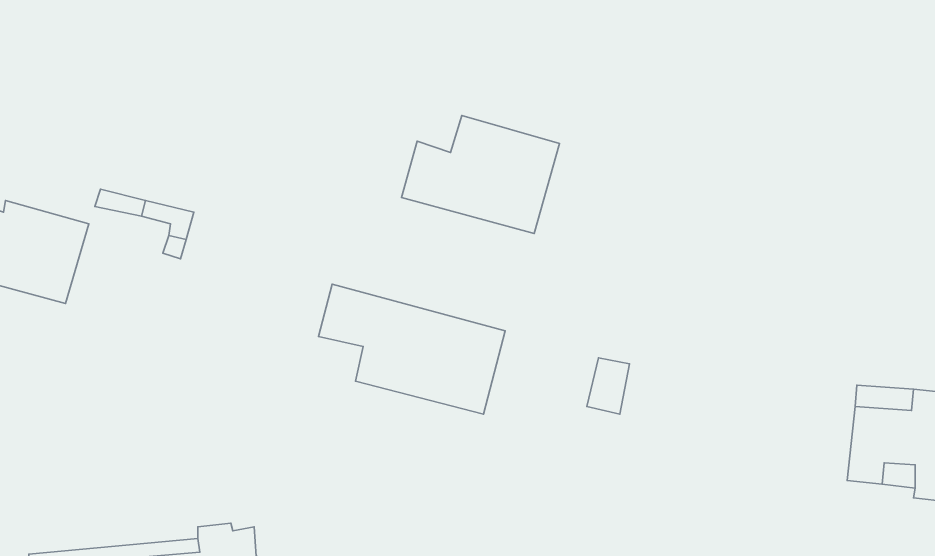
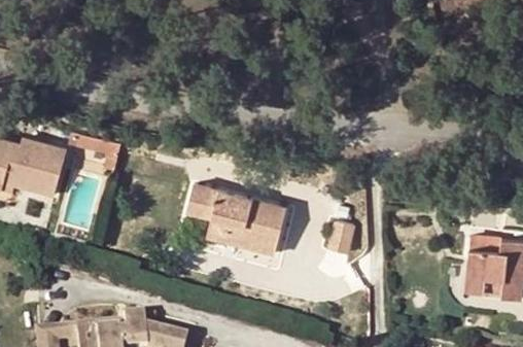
building: [402,116,559,233] -> none

